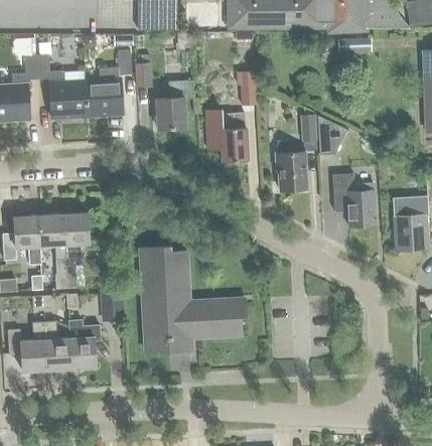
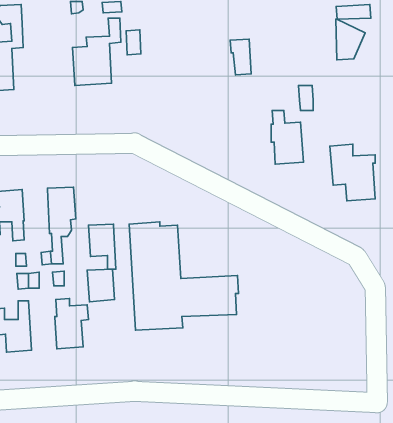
building: [37,55,88,118] -> none
building: [155,81,194,129] -> none
building: [205,110,248,162] -> none
building: [318,116,346,155] -> [336,19,365,60]
building: [37,214,63,258] -> [88,224,116,269]
building: [43,321,70,369] -> none

